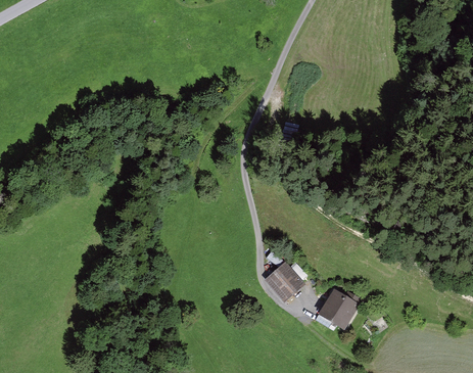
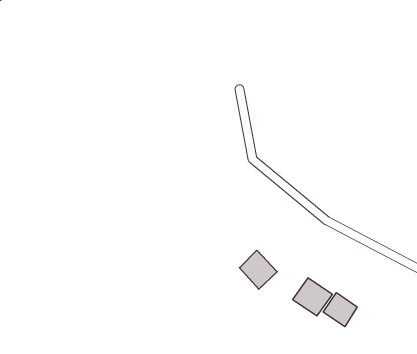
building: none -> [323,293,357,327]

